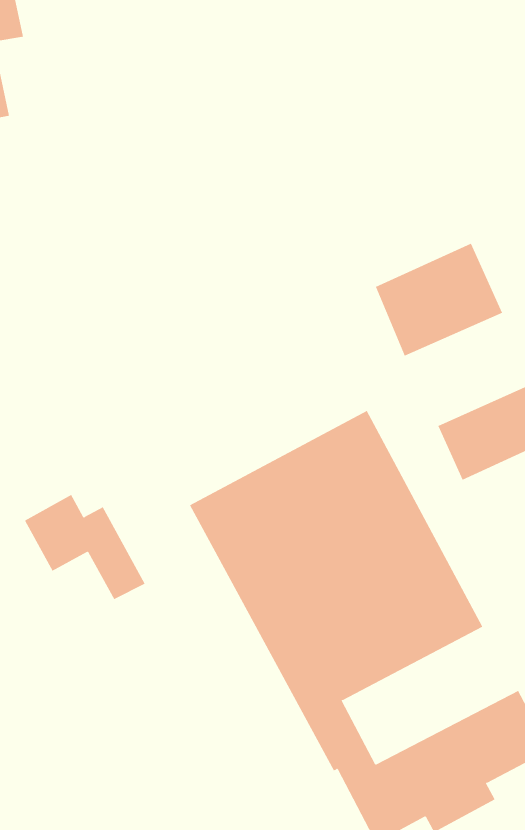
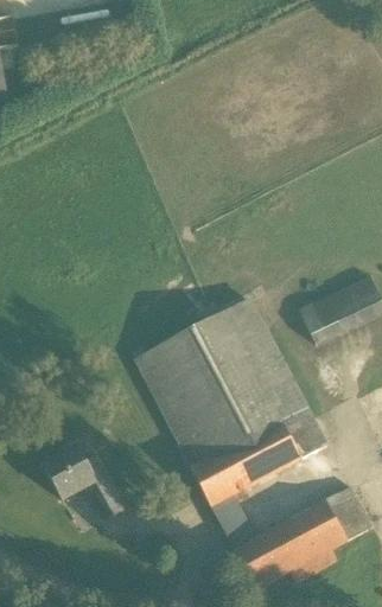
building: [375,243,503,356] -> none
building: [24,494,146,600] -> [44,447,126,518]

